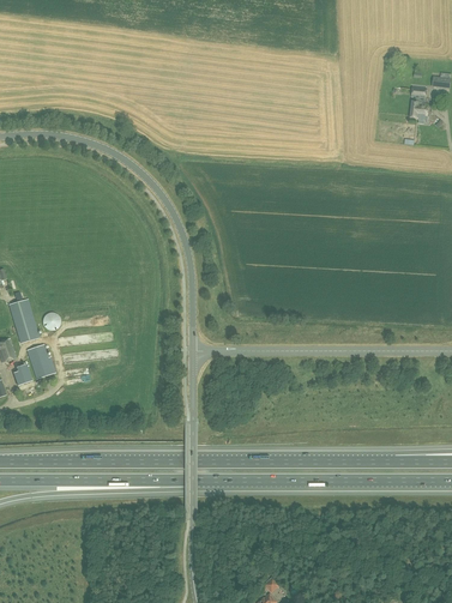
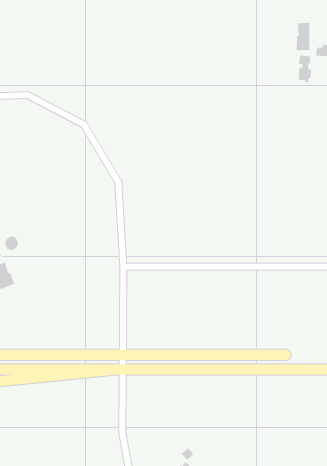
building: none -> [296,22,310,51]

